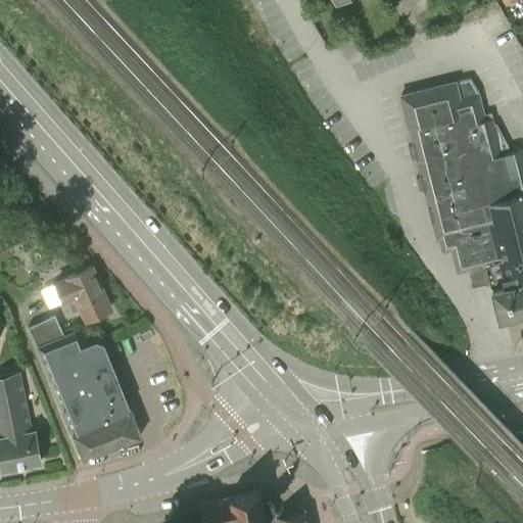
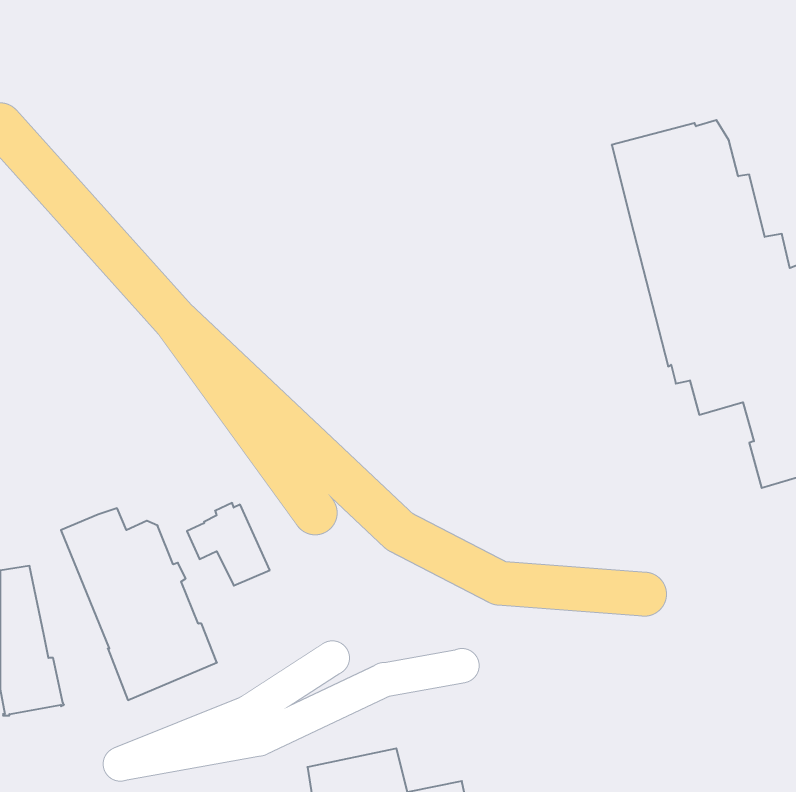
building: [58,268,112,322] -> [187,503,270,586]
building: [33,319,65,350] -> none

